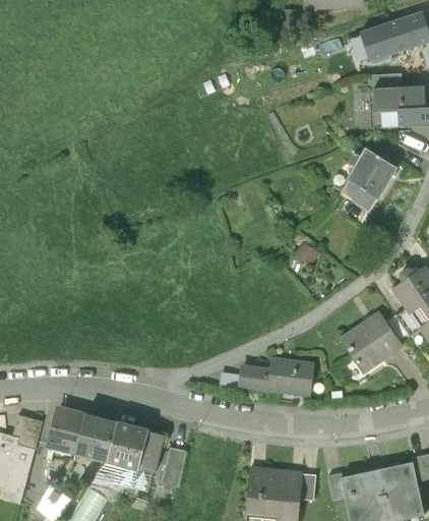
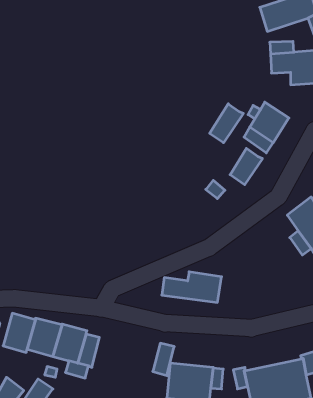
building: none -> [210,104,243,143]
building: none -> [230,148,262,185]
building: [342,313,401,371] -> none
building: [161,446,187,485] -> [153,343,174,376]

